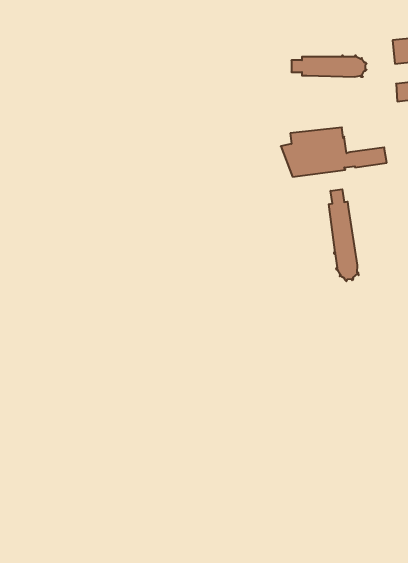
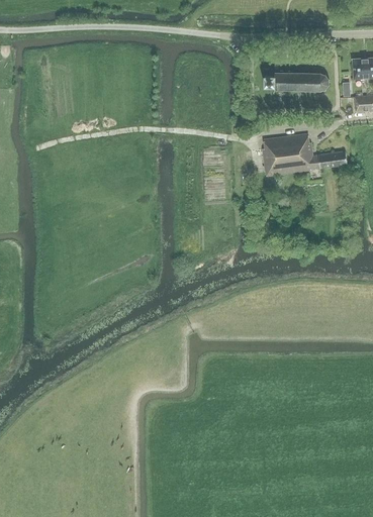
building: [329,189,359,281] -> none

